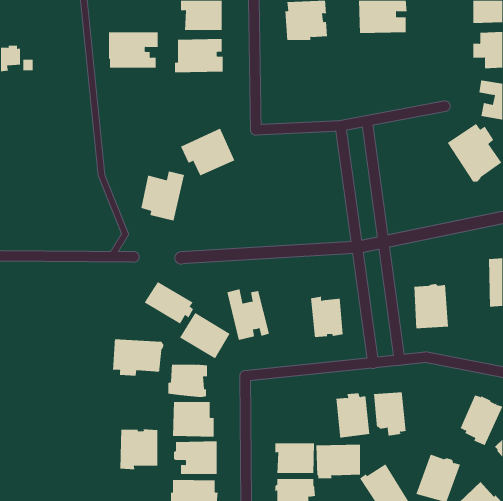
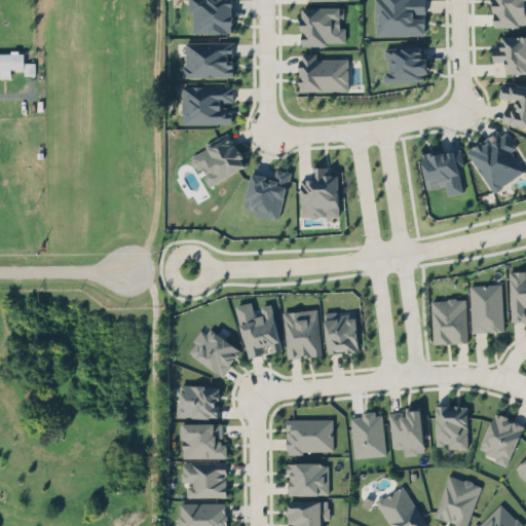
building: [108,32,158,68] -> [182,86,234,124]
building: none -> [383,48,426,84]
building: none -> [299,53,348,91]
building: none -> [419,149,463,196]
building: none -> [297,162,338,222]
building: [141,171,185,221] -> [243,170,290,222]
building: none -> [469,285,503,333]
building: [144,281,194,325] -> none
building: none -> [283,309,322,359]
building: [112,339,164,376] -> none
building: none -> [436,406,467,449]
building: [120,428,158,470] -> none
building: [315,444,361,479] -> [286,419,333,455]

